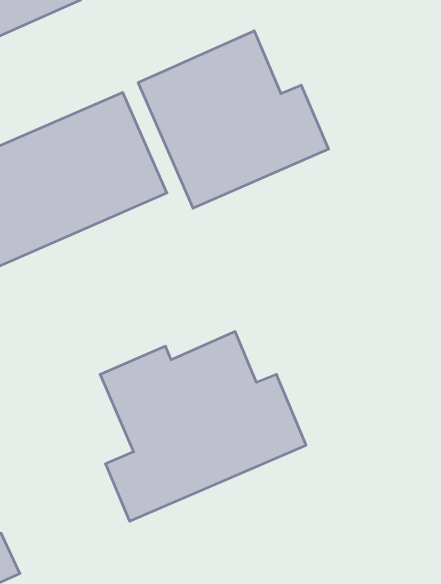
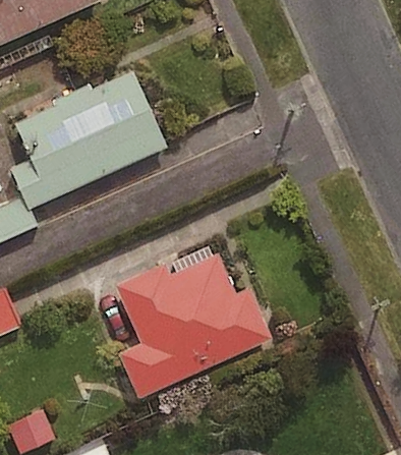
building: [138,31,329,208] -> none

